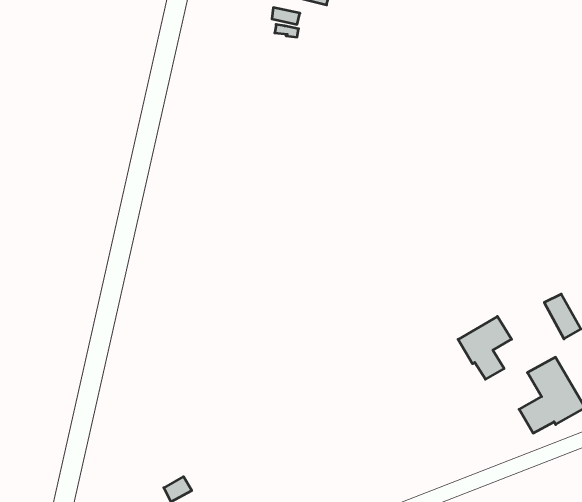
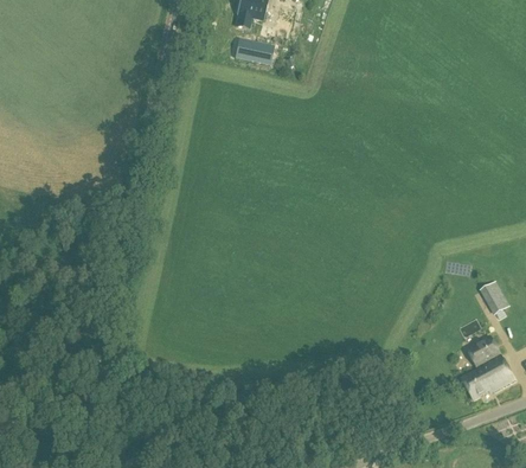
building: [458,316,512,379] -> none

